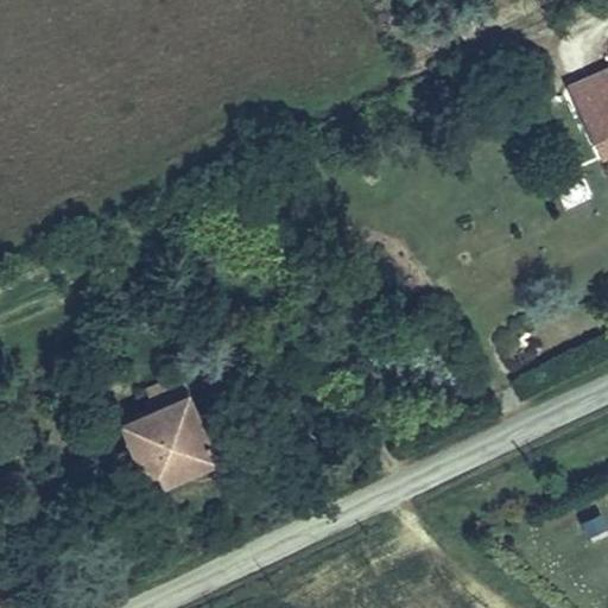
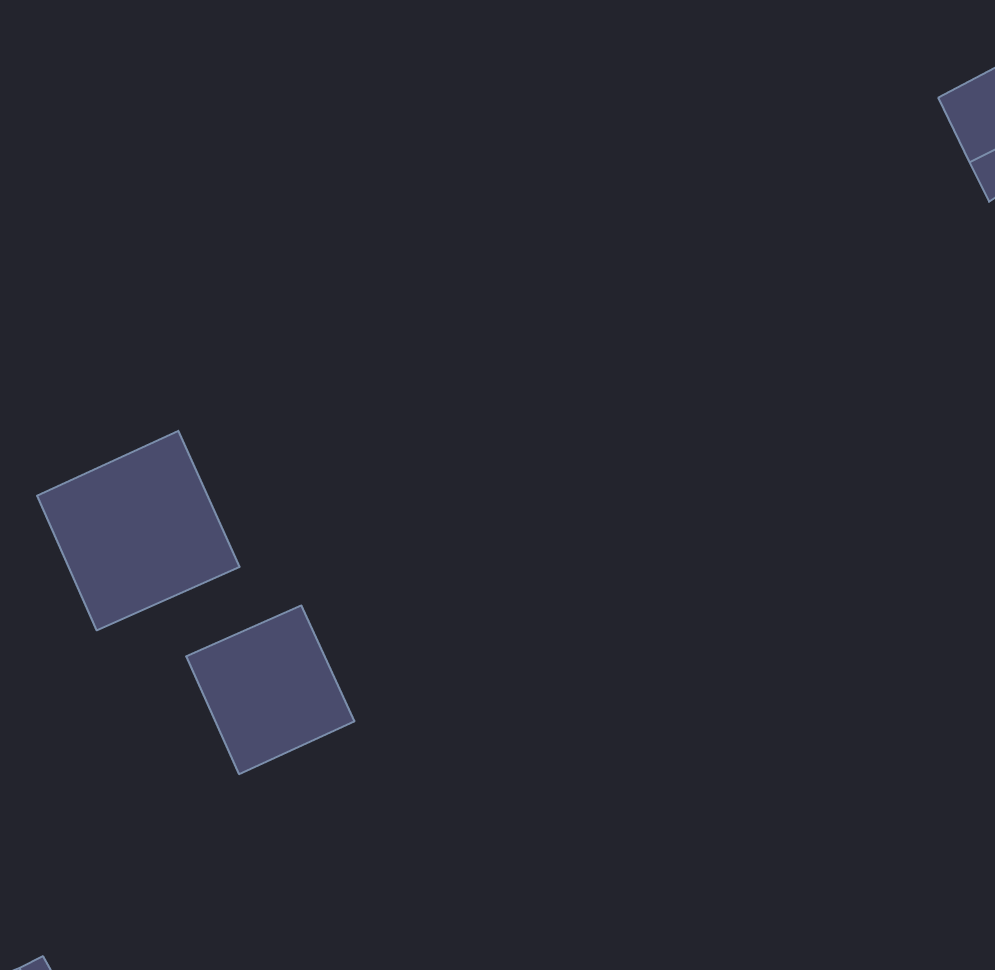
building: none -> [37,431,240,630]

